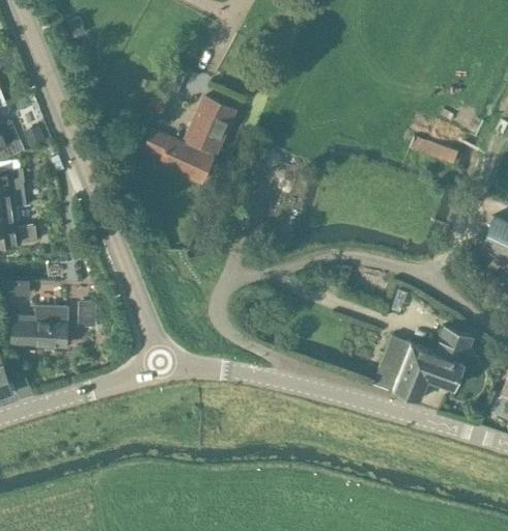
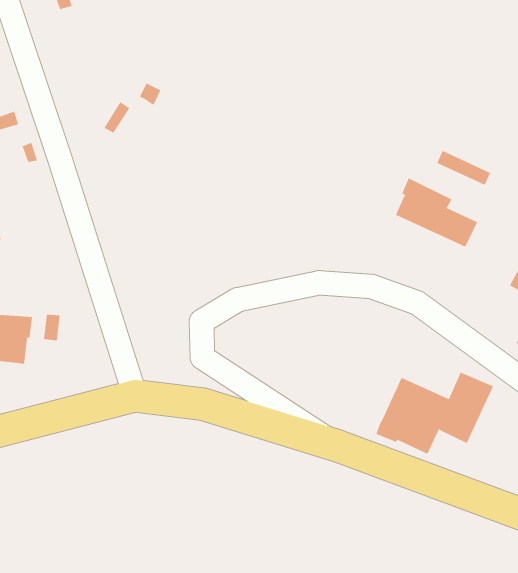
building: [142,97,233,184] -> none
building: none -> [395,178,478,248]

